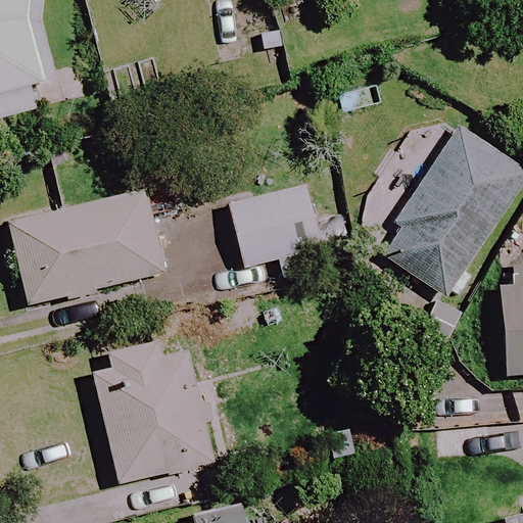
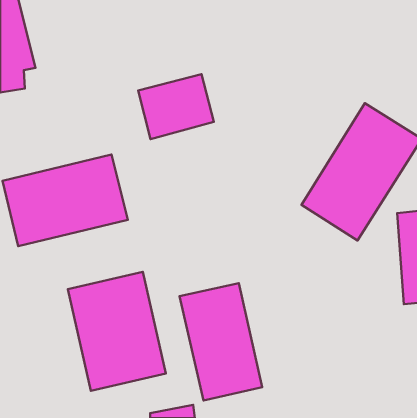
building: [228,182,322,263] -> [138,74,214,139]
building: none -> [180,283,262,401]

